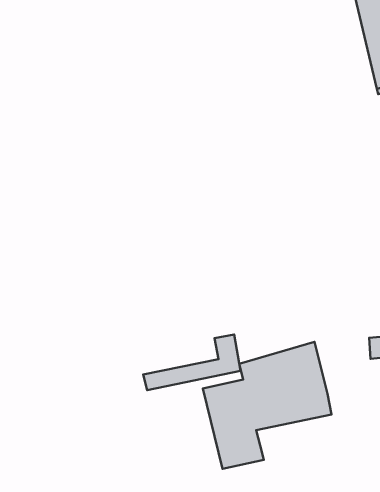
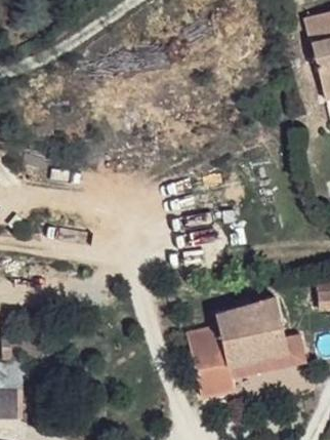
building: [143,334,241,390] -> [229,333,305,377]

